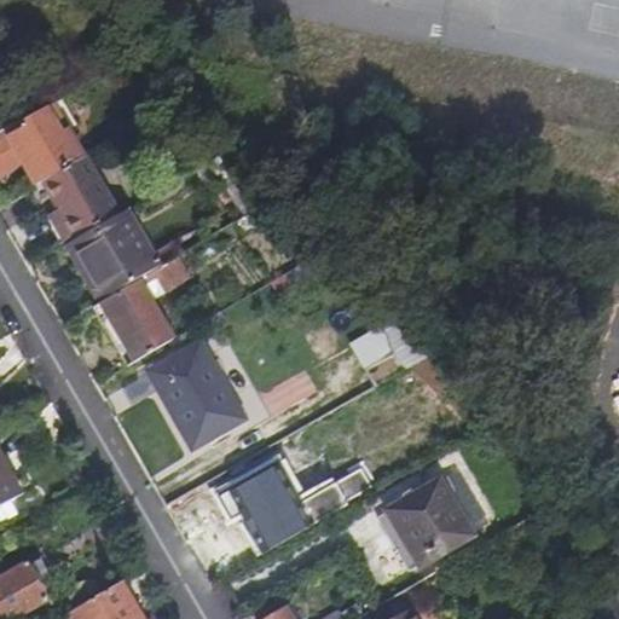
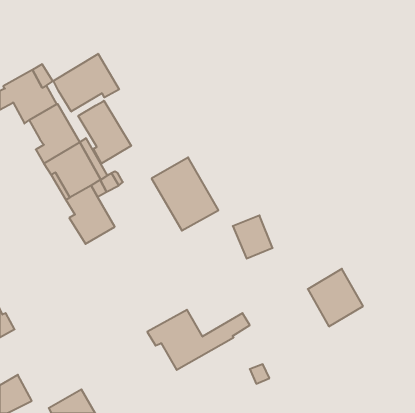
building: none -> [53,54,119,112]
building: none -> [78,101,131,163]
building: [146,340,245,449] -> [152,157,218,231]
building: [389,480,472,566] -> [308,269,363,326]

